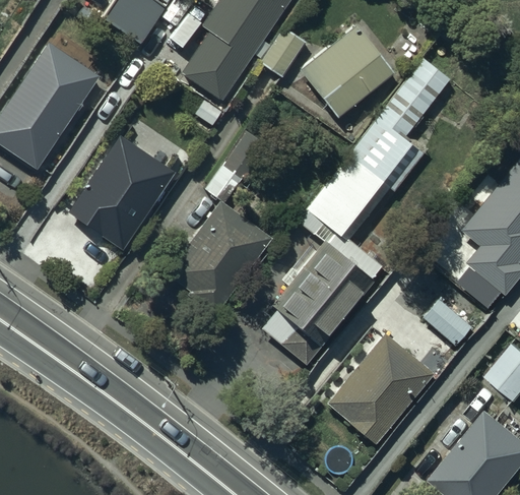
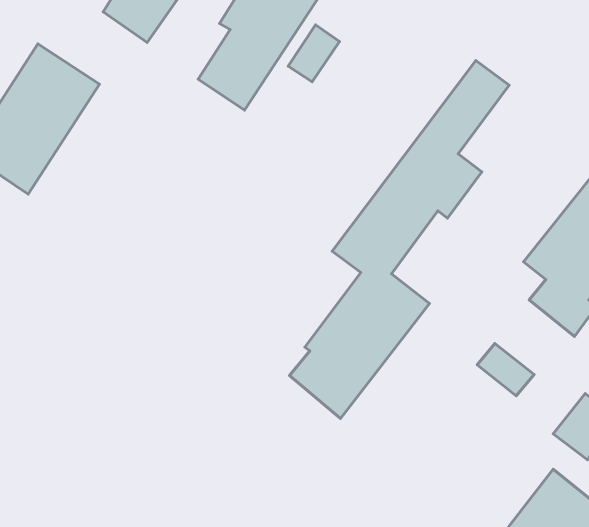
building: [302,26,394,117] -> none
building: [167,134,271,315] -> none
building: [69,135,175,249] -> none
building: [327,334,433,443] -> none

